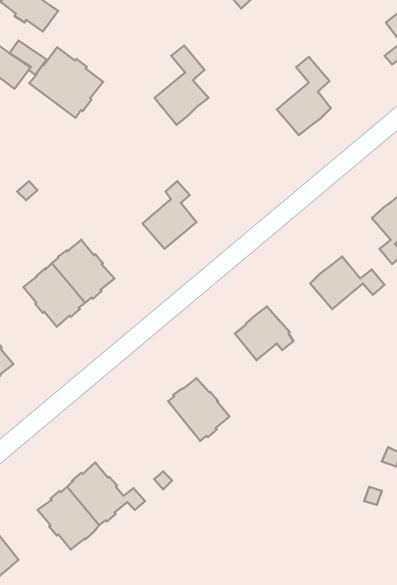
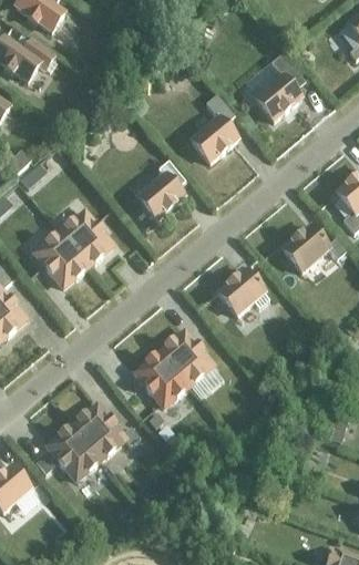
building: [155,46,208,125] -> [189,94,236,163]
building: [29,47,103,118] -> none
building: none -> [133,351,186,407]

